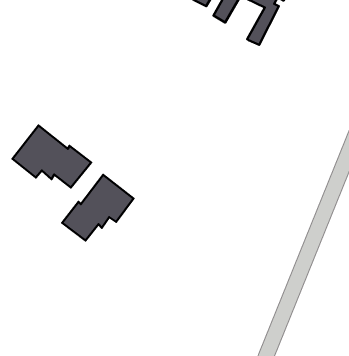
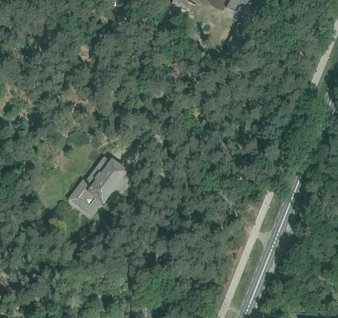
building: [13,126,91,187] -> none

